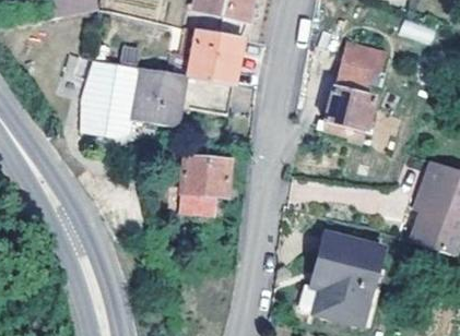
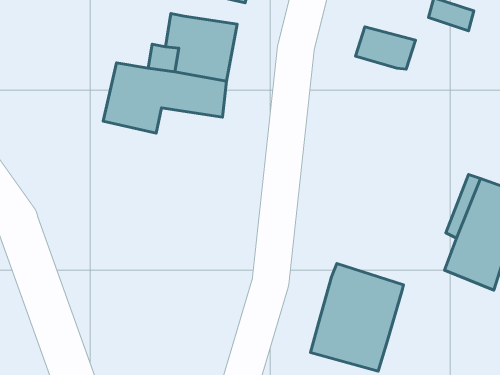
building: [81,61,143,139] -> none
building: [323,64,375,146] -> none
building: [180,157,228,216] -> none

